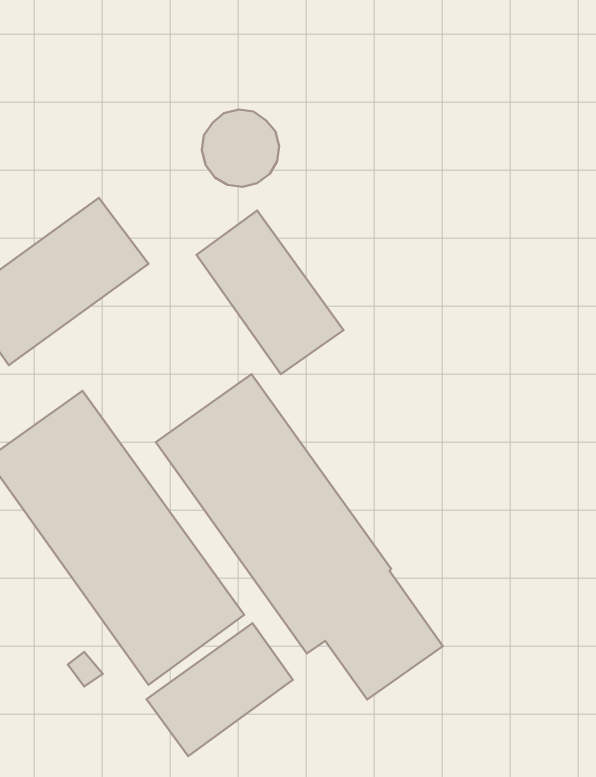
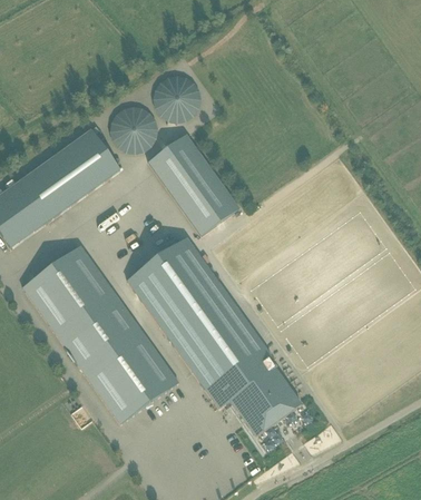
building: none -> [110,106,158,154]
building: [146,623,293,756] -> none

